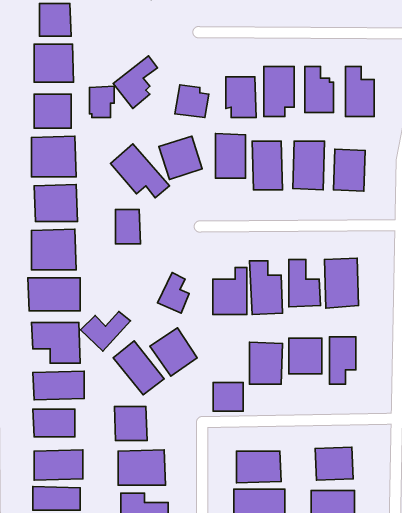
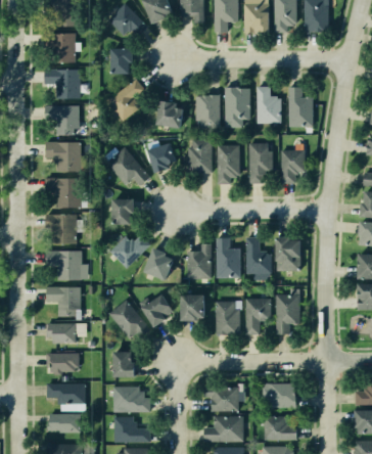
building: [89,86,114,118] -> [113,48,133,73]
building: [81,312,130,351] -> [111,238,150,269]
building: [213,382,243,411] -> [179,296,202,318]

